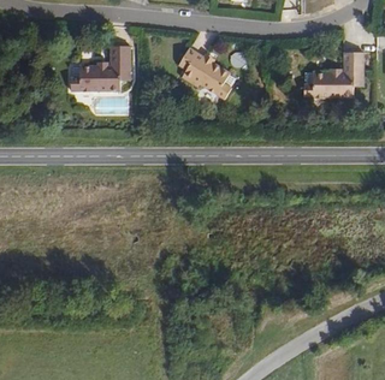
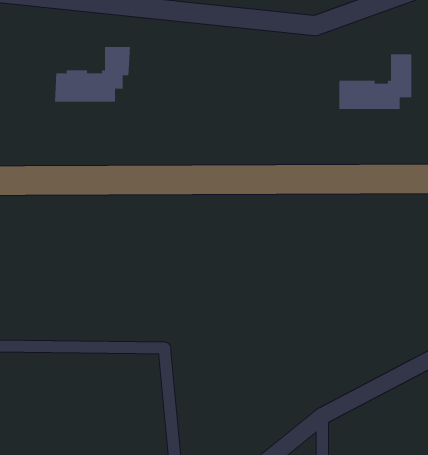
building: [177,46,235,97] -> none

